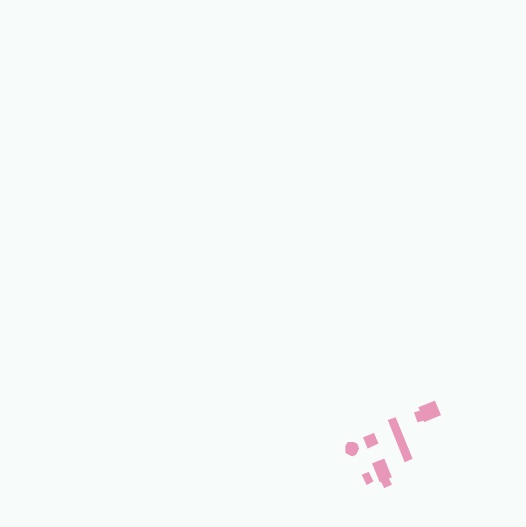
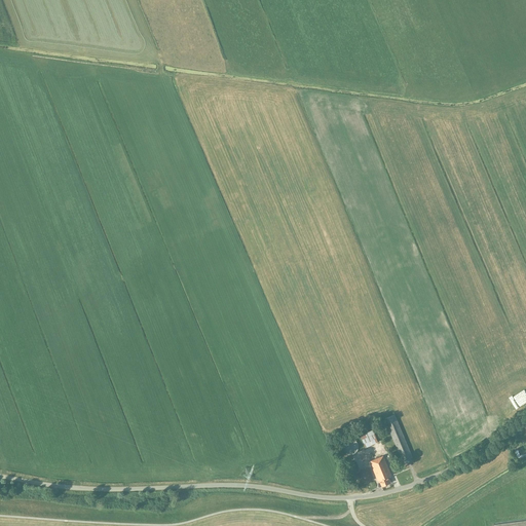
building: [413,400,442,423] -> none

